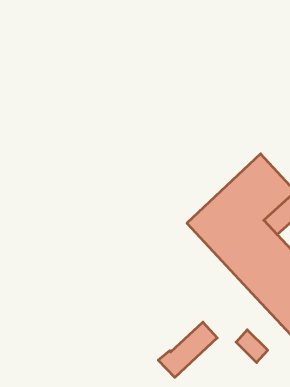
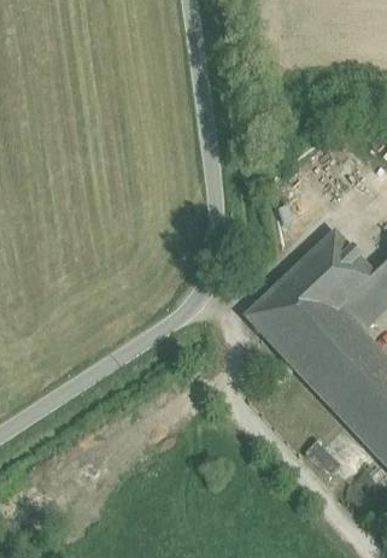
building: [158,322,217,377] -> none

